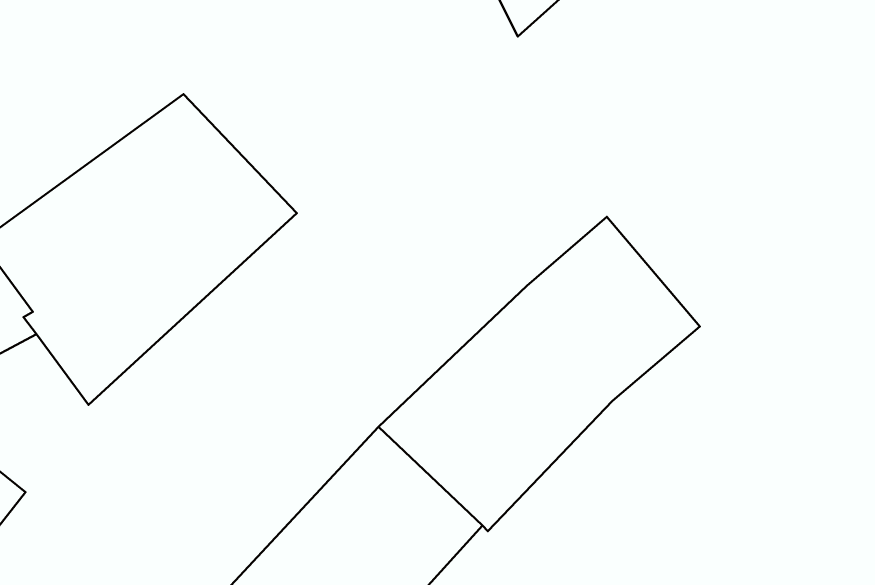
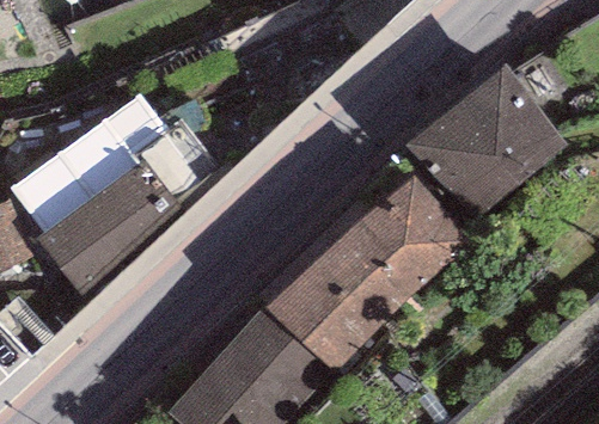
building: none -> [402,64,567,226]

